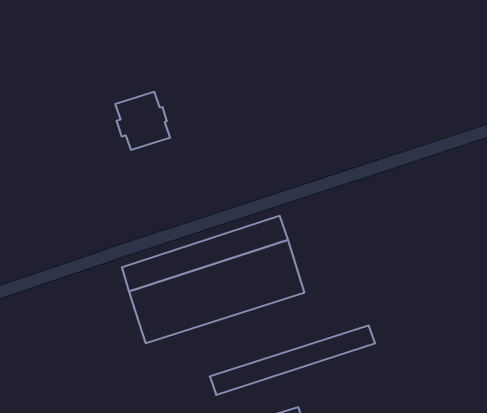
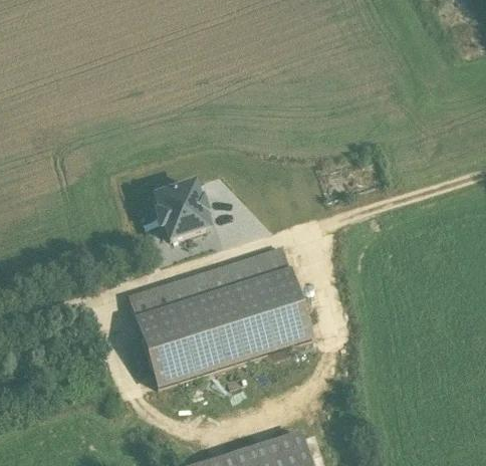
building: [115,92,170,150] -> [156,183,209,239]
building: [210,326,375,395] -> [152,320,312,388]

